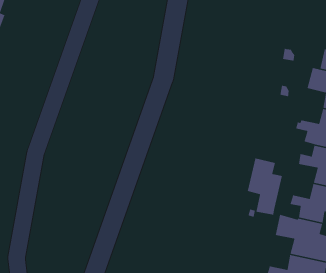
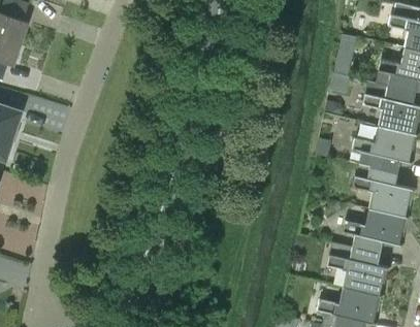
building: [247,157,283,216] -> none

